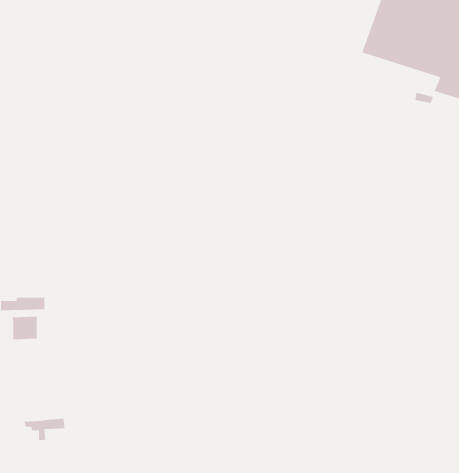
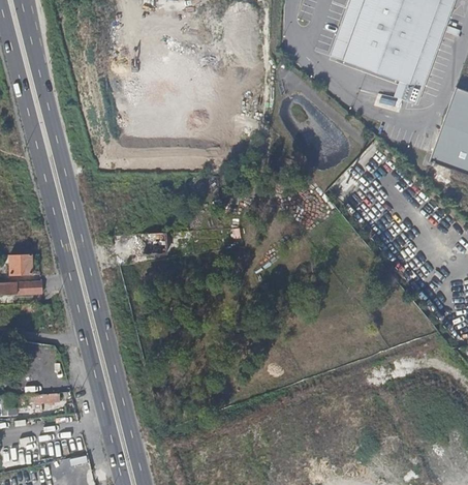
building: none -> [142,232,165,253]
building: [11,316,37,340] -> [8,252,32,274]

